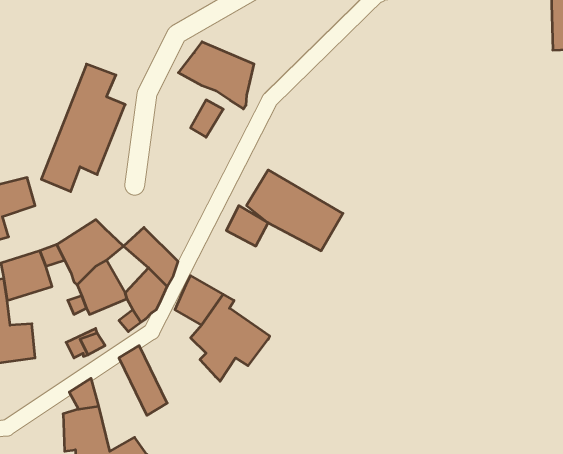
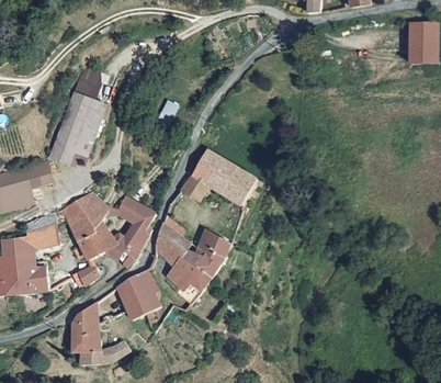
building: [178,42,254,109] -> none
building: none -> [188,230,227,270]
building: none -> [124,269,162,320]

